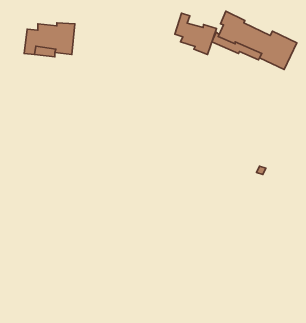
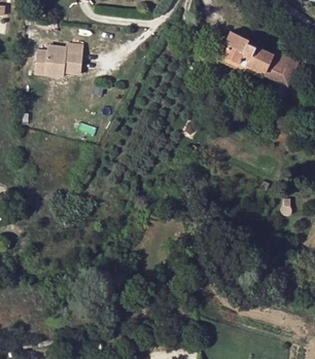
building: [175,13,217,54] -> none

